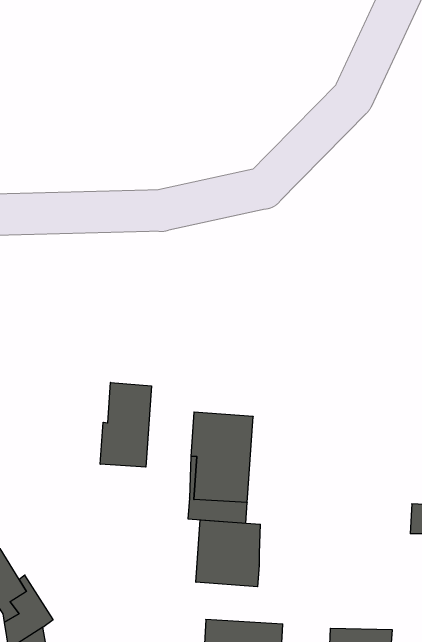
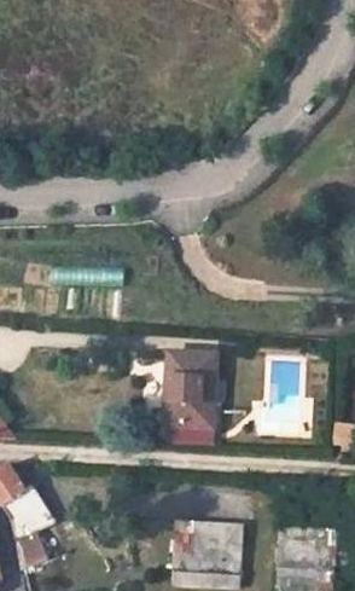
building: [100,382,151,467] -> none
building: [196,520,260,587] -> none

